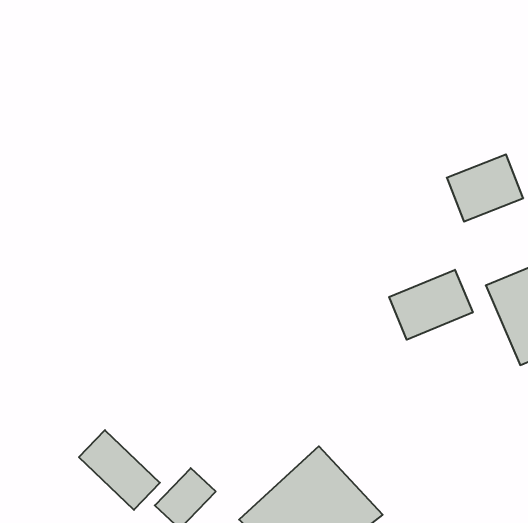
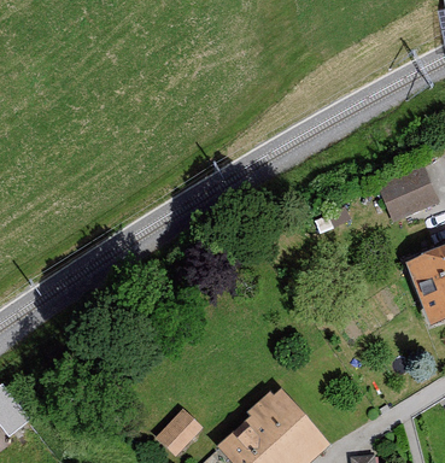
building: [389,270,473,340] -> none
building: [79,430,160,510] -> none

